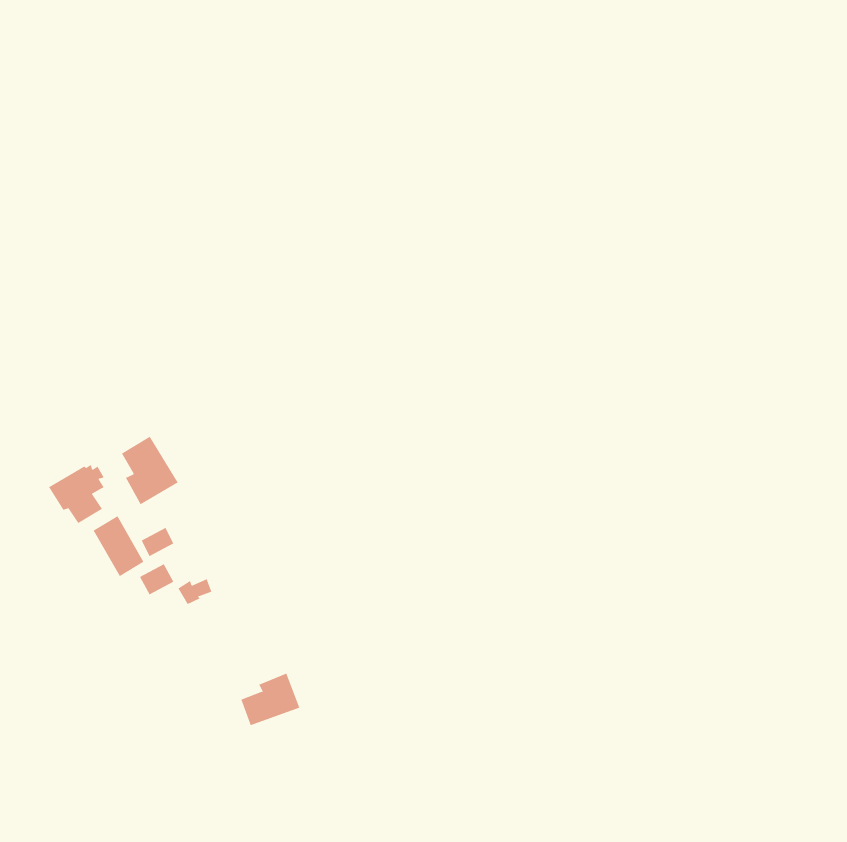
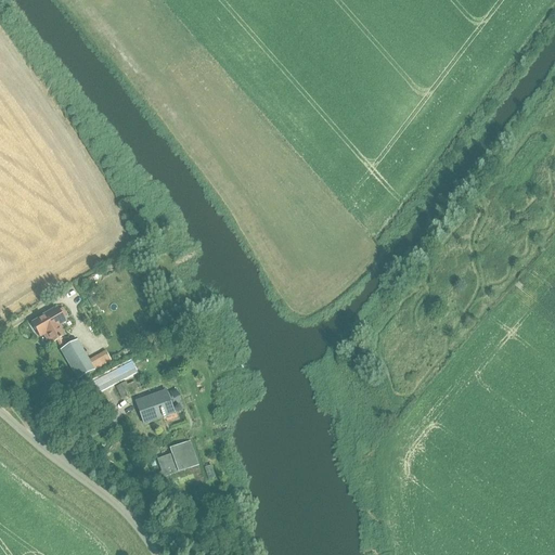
building: [121,436,178,505] -> none
building: none -> [135,388,173,422]

